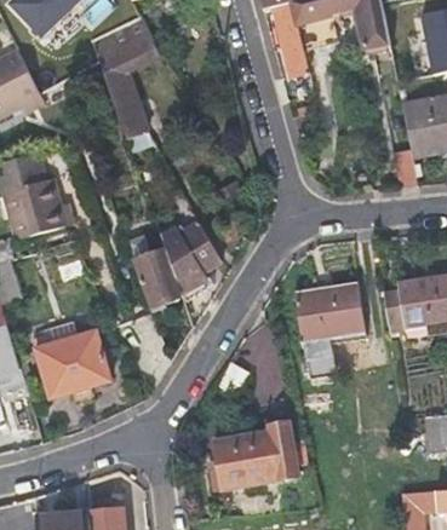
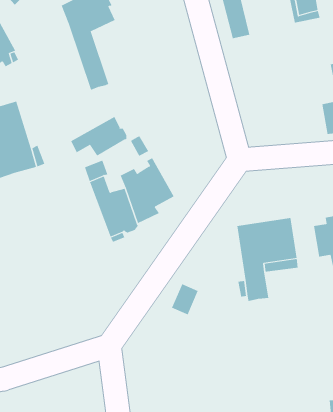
building: none -> [70,116,127,156]
building: [34,329,110,396] -> none
building: [211,419,299,488] -> none

